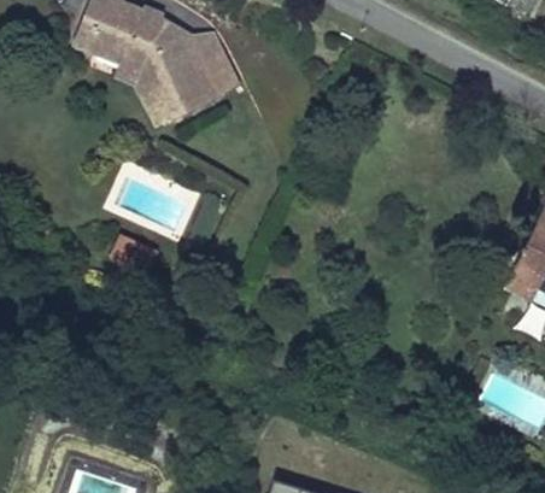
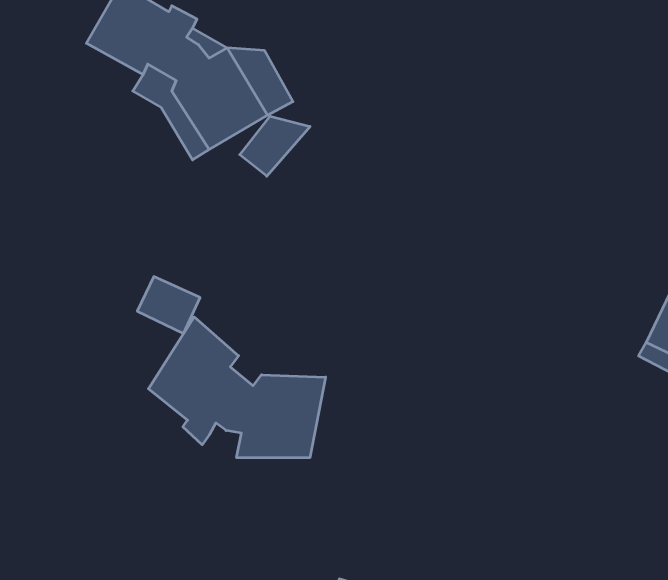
building: none -> [240,116,310,176]
building: none -> [148,317,326,458]

